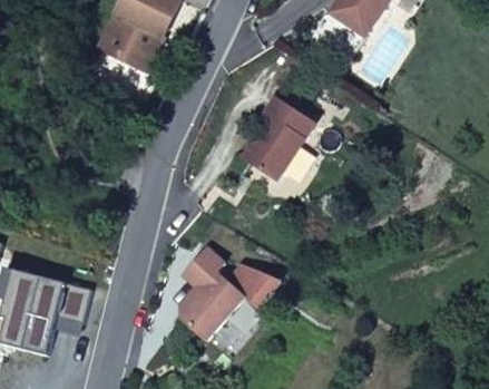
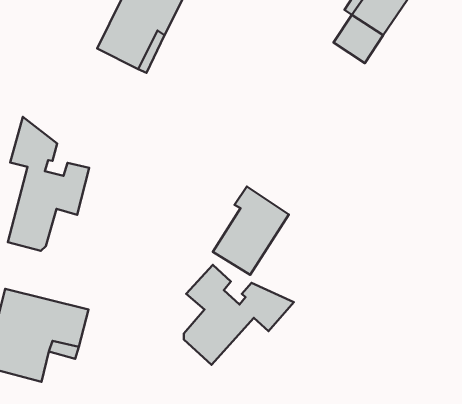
building: [244,96,314,177] -> [213,187,289,275]
building: none -> [8,117,89,251]

